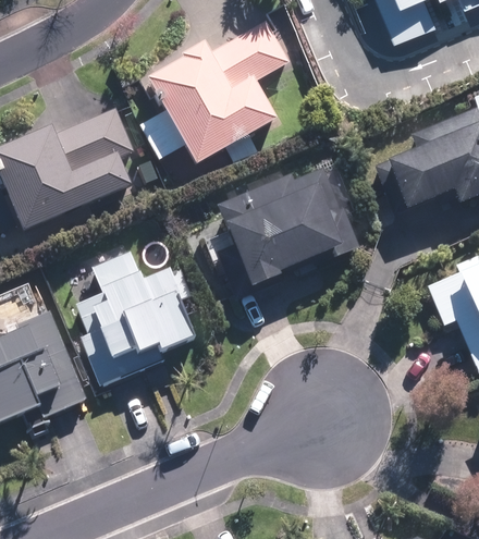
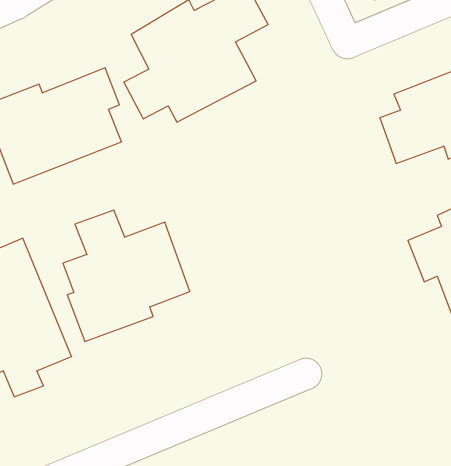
building: [202,167,367,301] -> none

